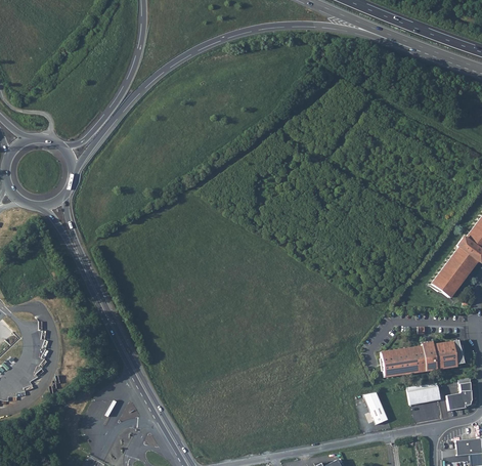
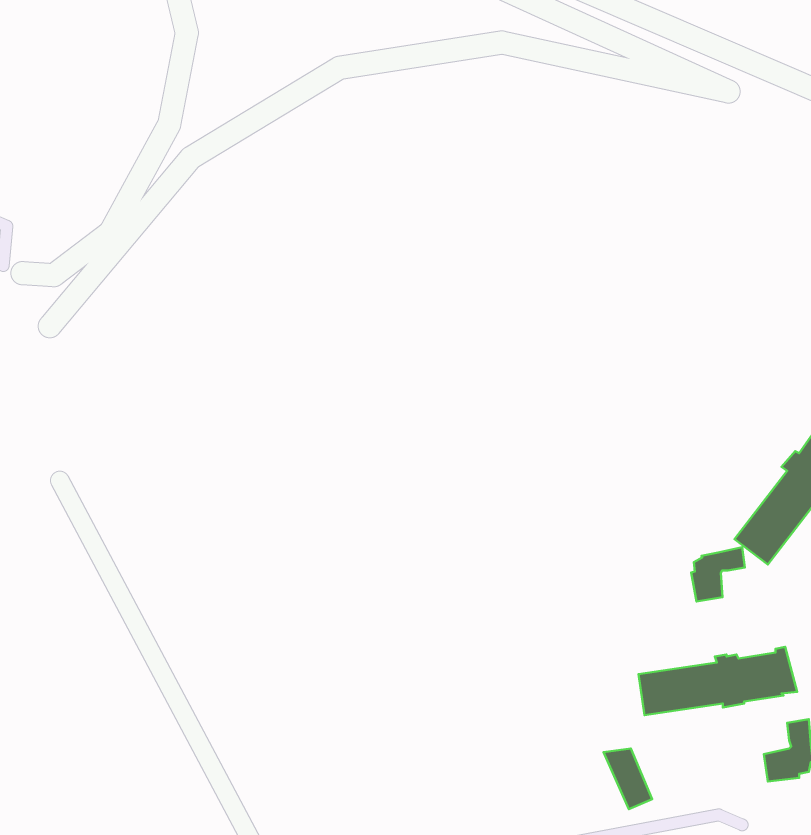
building: none -> [691,547,745,601]
building: [406,383,440,406] -> none

